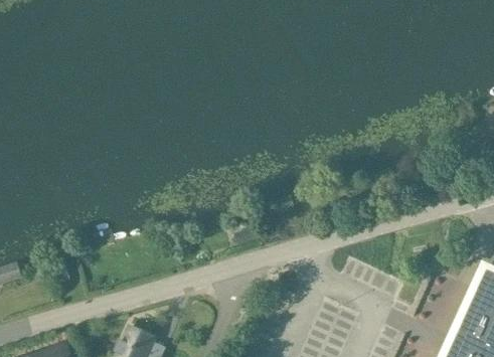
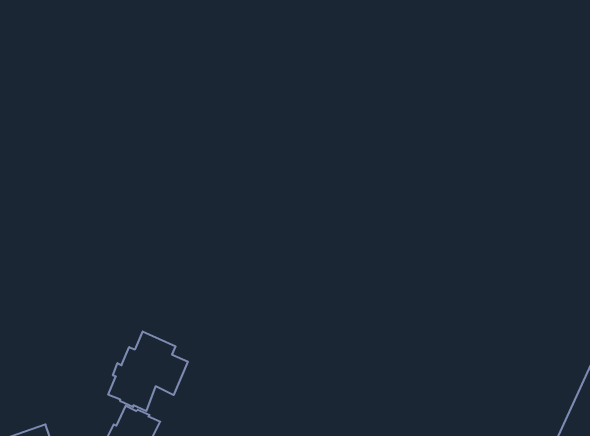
building: none -> [108,331,188,411]

